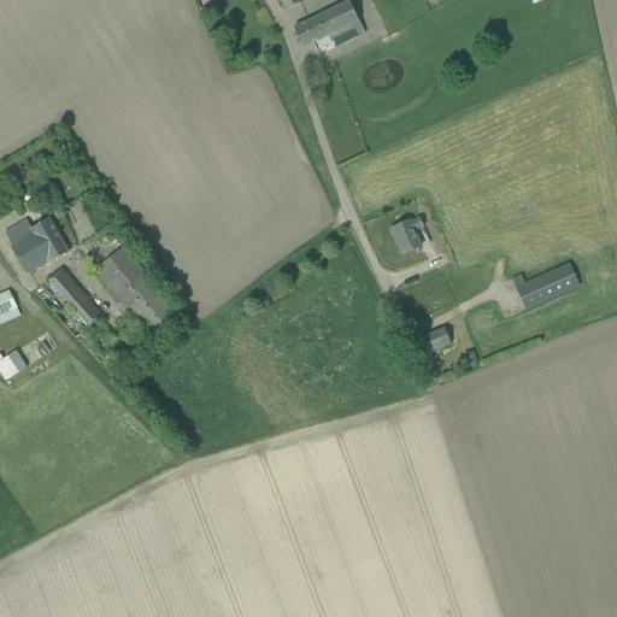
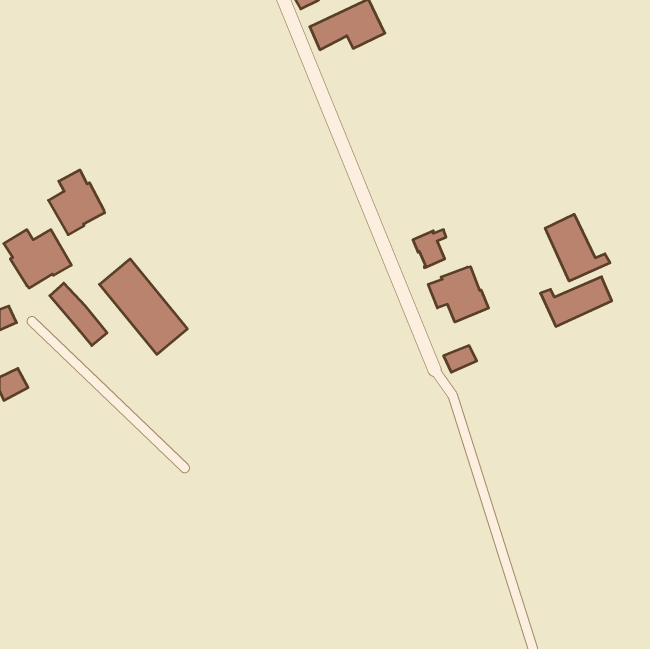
building: none -> [48,170,105,235]
building: none -> [545,214,610,281]
building: none -> [428,267,489,322]

